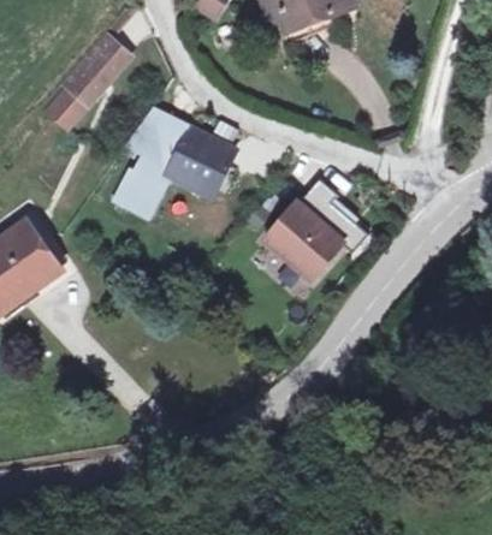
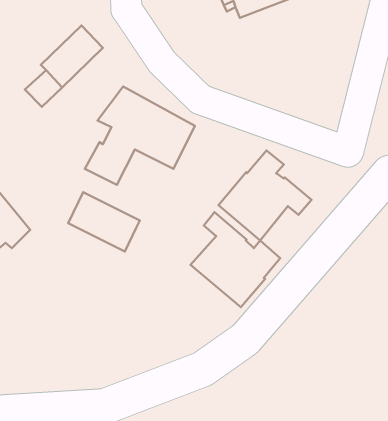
building: none -> [68,192,140,251]
building: none -> [191,212,280,307]

